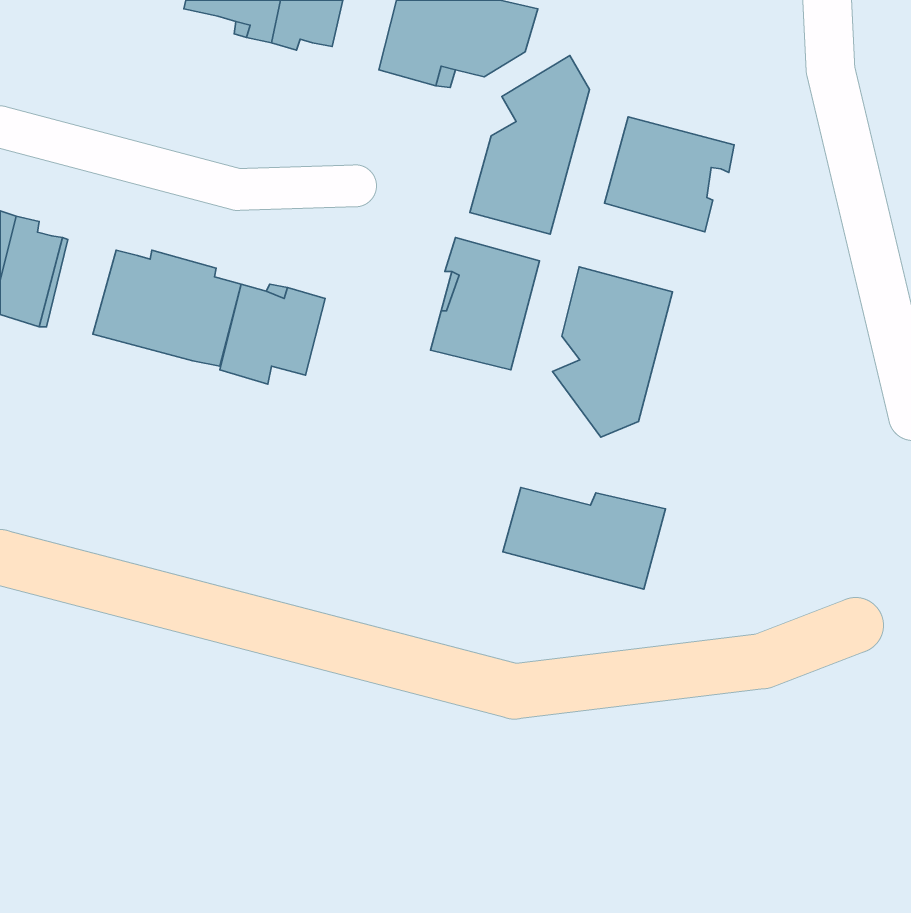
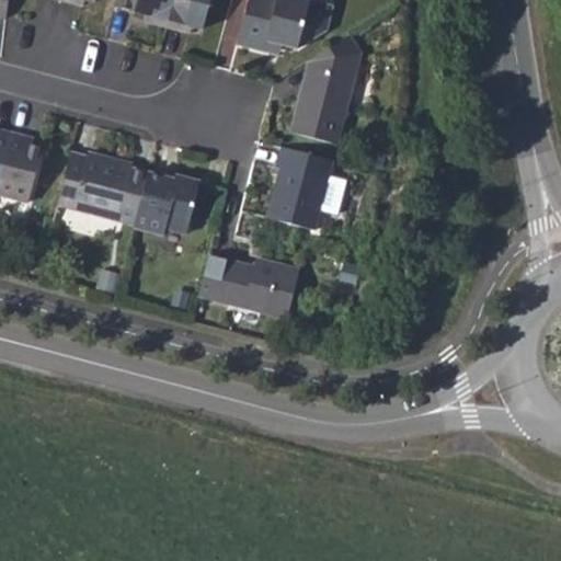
building: [605,117,734,232] -> none
building: [553,267,672,437] -> none
building: [503,487,665,589] -> [198,254,298,317]

